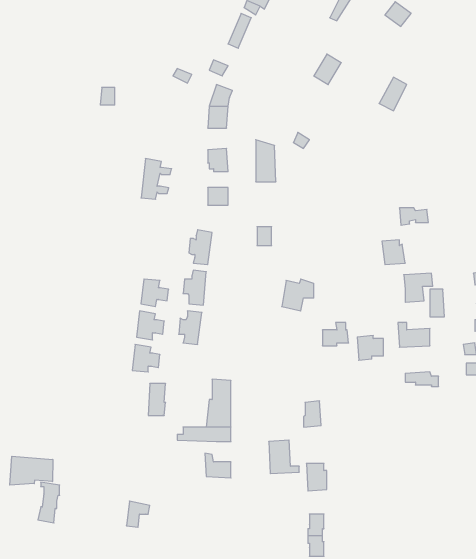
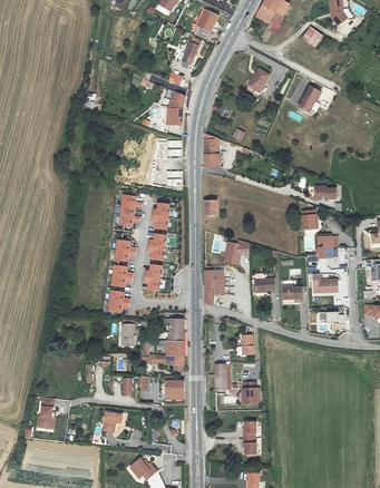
building: [141,159,172,199] -> [119,195,143,226]
building: none -> [205,270,224,306]
building: [10,456,53,485] -> none

